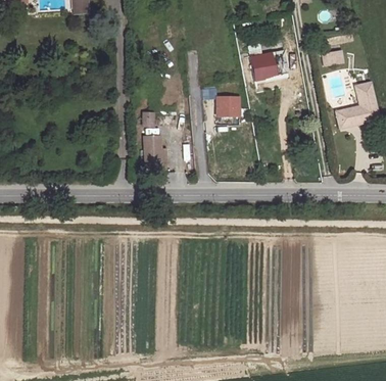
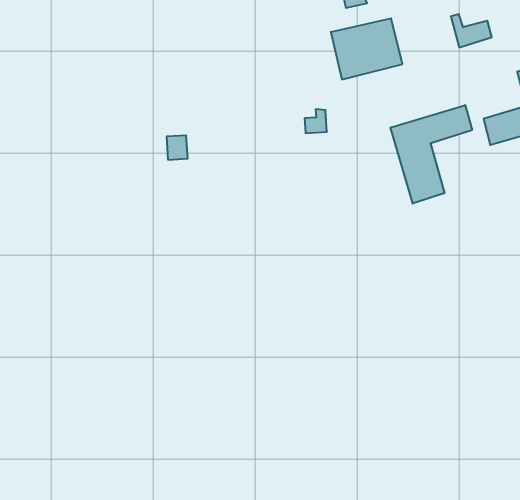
building: none -> [391,105,472,204]
building: [144,134,165,166] -> none

